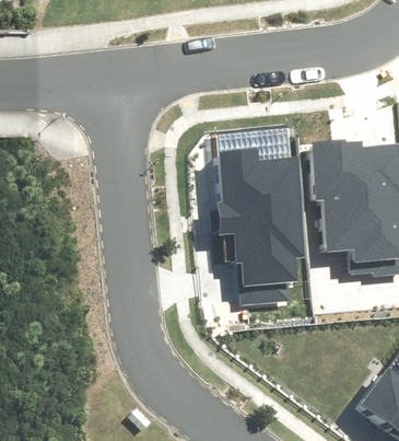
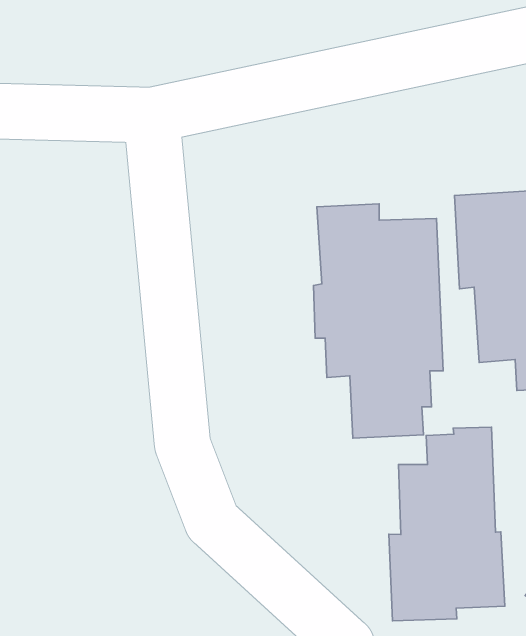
building: none -> [389,427,505,621]

